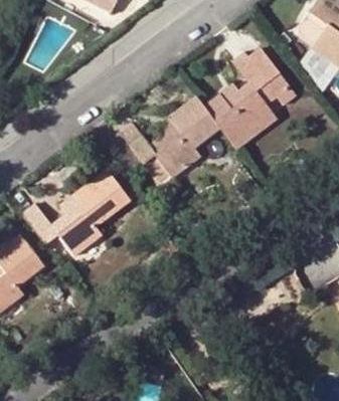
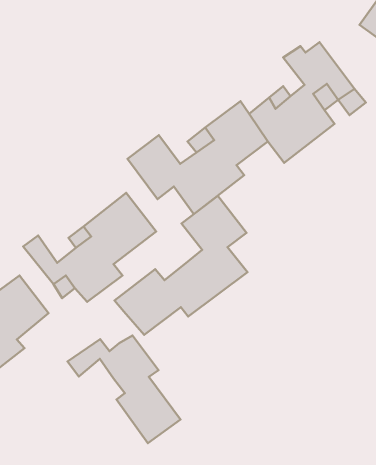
building: none -> [115,196,247,335]
building: none -> [68,335,180,443]

